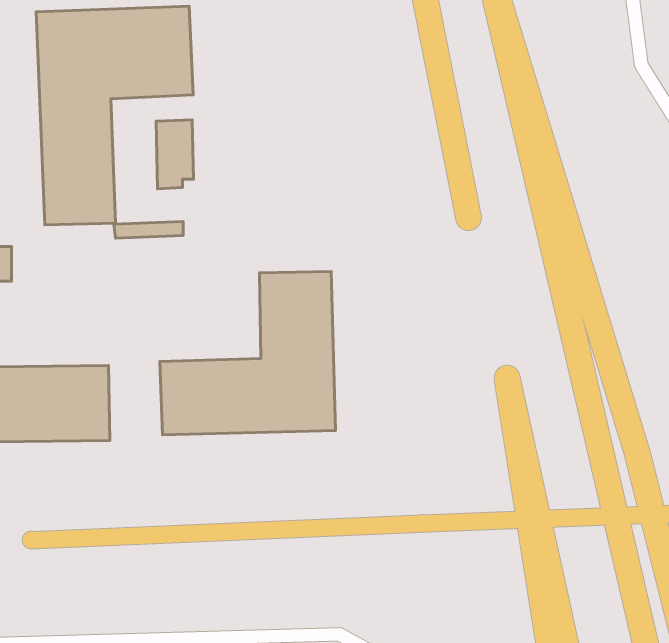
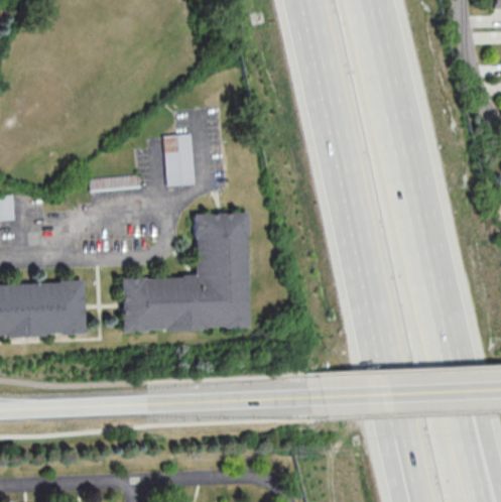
building: [36,6,193,225] -> none
building: [156,120,194,189] -> [164,135,192,185]

